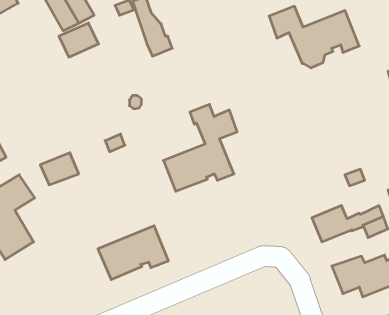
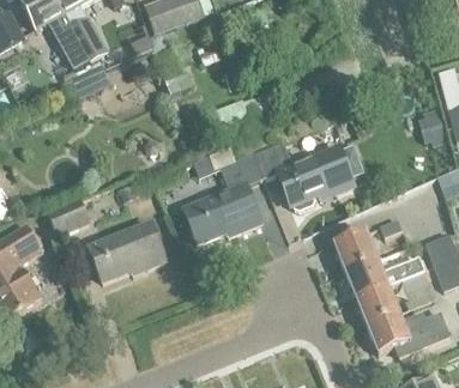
building: [269,6,359,68] -> [254,143,352,210]
building: none -> [332,230,376,271]
building: [98,226,168,280] -> [87,222,164,280]
building: none -> [355,284,398,323]

